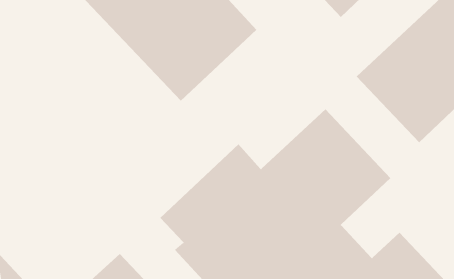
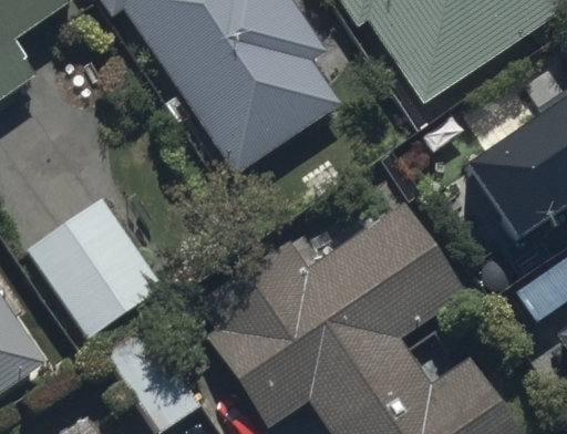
building: none -> [29,196,159,332]

